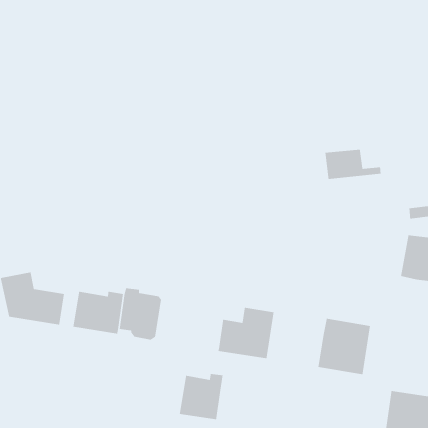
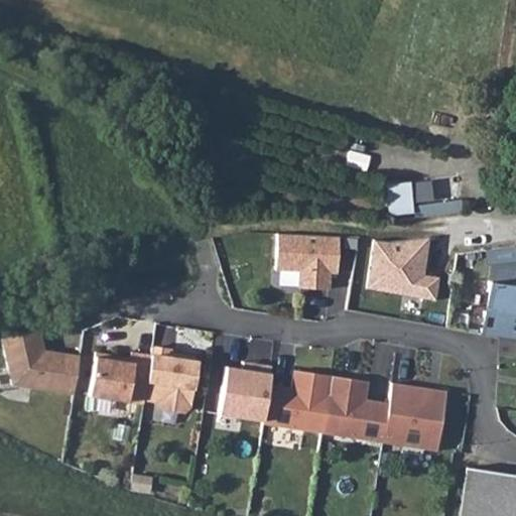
building: none -> [277,234,341,289]
building: none -> [369,239,442,304]
building: none -> [322,376,389,442]
building: [179,373,224,420] -> [219,364,272,420]

